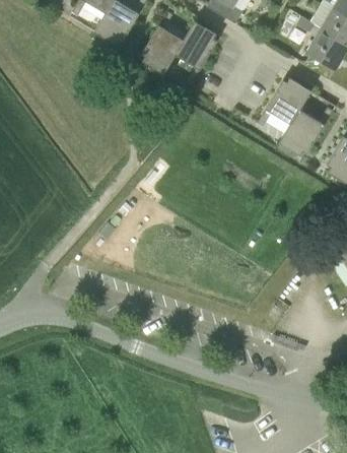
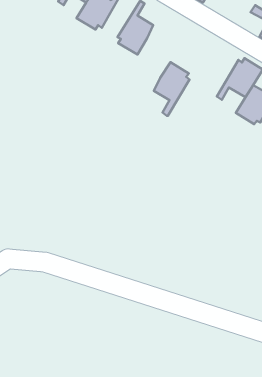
building: [177,21,218,84] -> [154,62,190,116]

